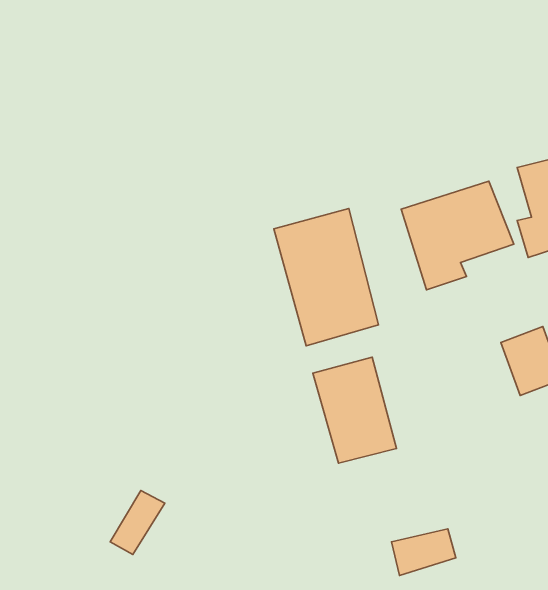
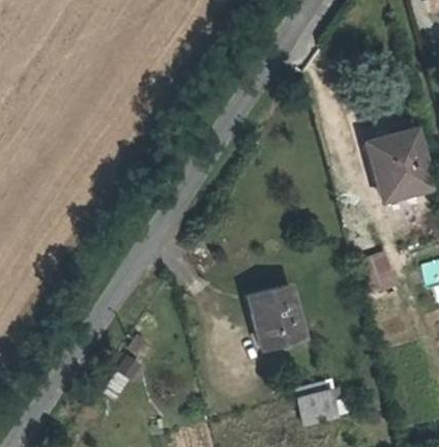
building: [401,181,514,290] -> none
building: [274,209,379,346] -> none

